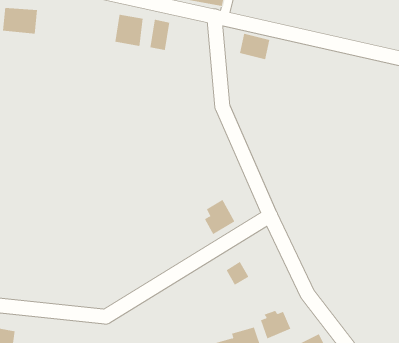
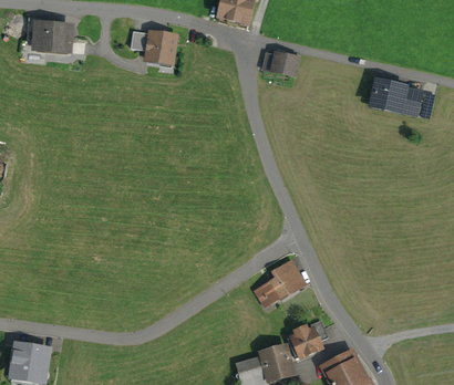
building: [150,19,170,51] -> none
building: none -> [370,82,420,114]
building: [204,199,235,235] -> [270,258,301,293]

